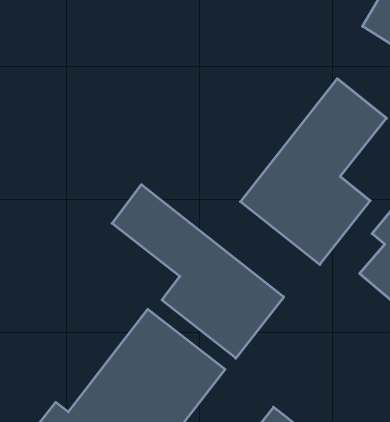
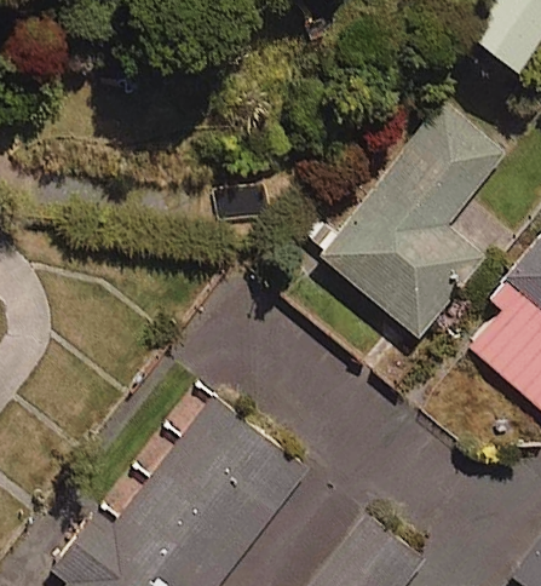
building: [112,185,284,358] -> none

